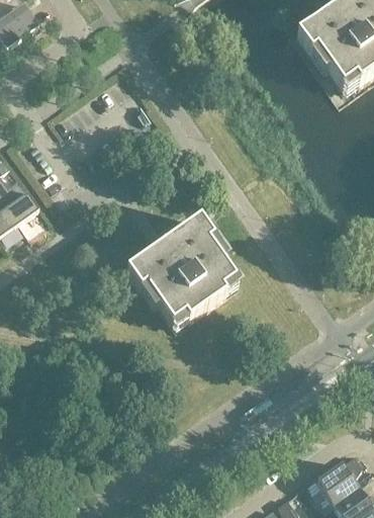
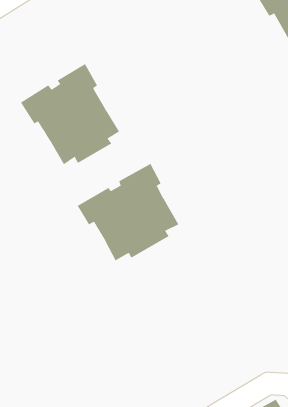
building: none -> [20,63,120,165]

